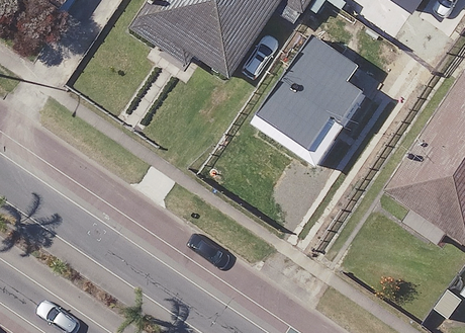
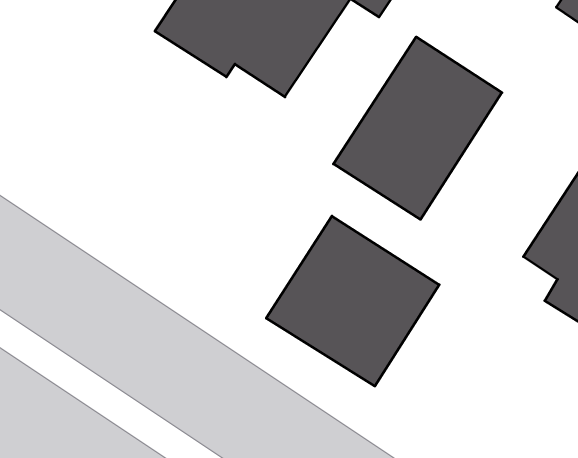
building: none -> [266,216,439,386]

